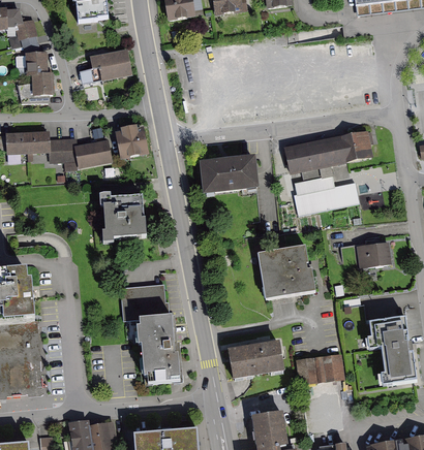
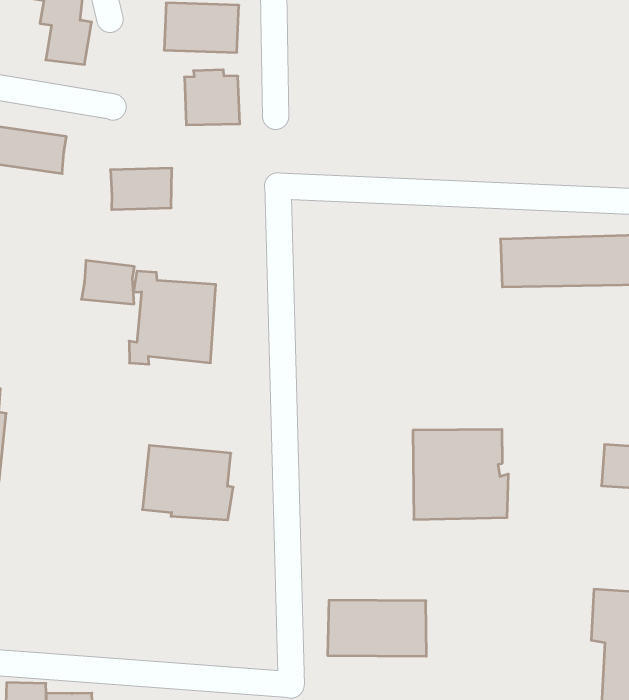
building: [117,125,150,157] -> [184,70,240,125]
building: [50,139,79,161] -> [81,260,134,304]
building: [203,156,262,193] -> none
building: [293,175,358,216] -> none
building: [135,314,181,386] -> none
building: [297,349,342,379] -> none

